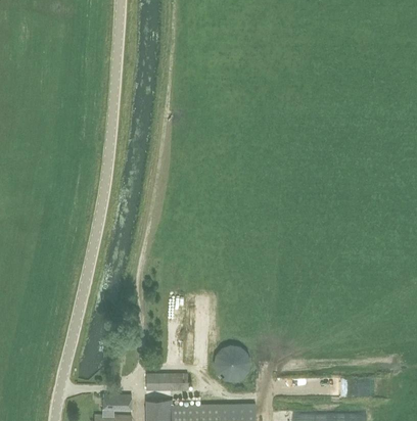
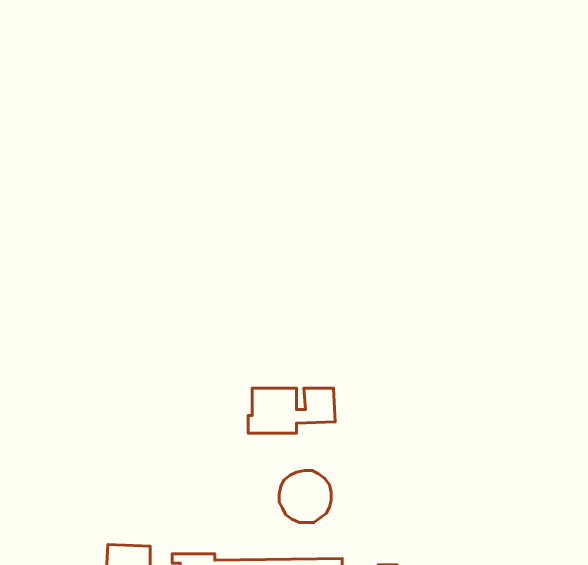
building: none -> [248,388,335,433]
building: [146,373,187,389] -> none

